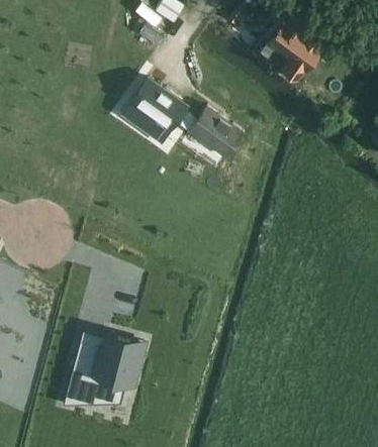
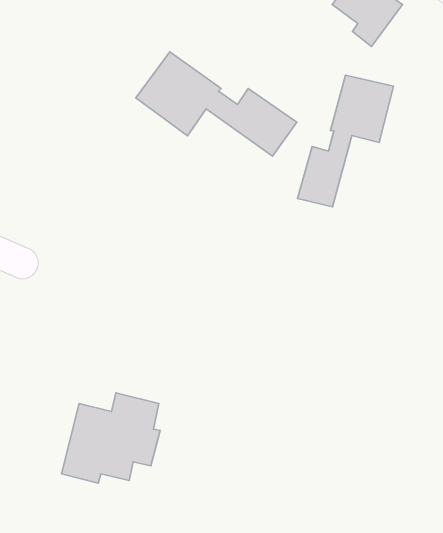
building: none -> [298,75,393,207]

